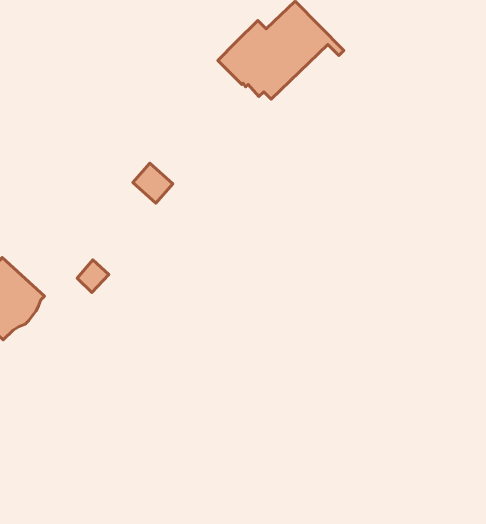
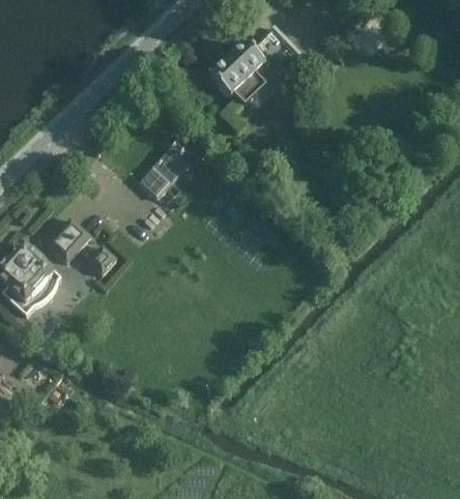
building: none -> [152,146,189,182]
building: none -> [47,216,91,262]

